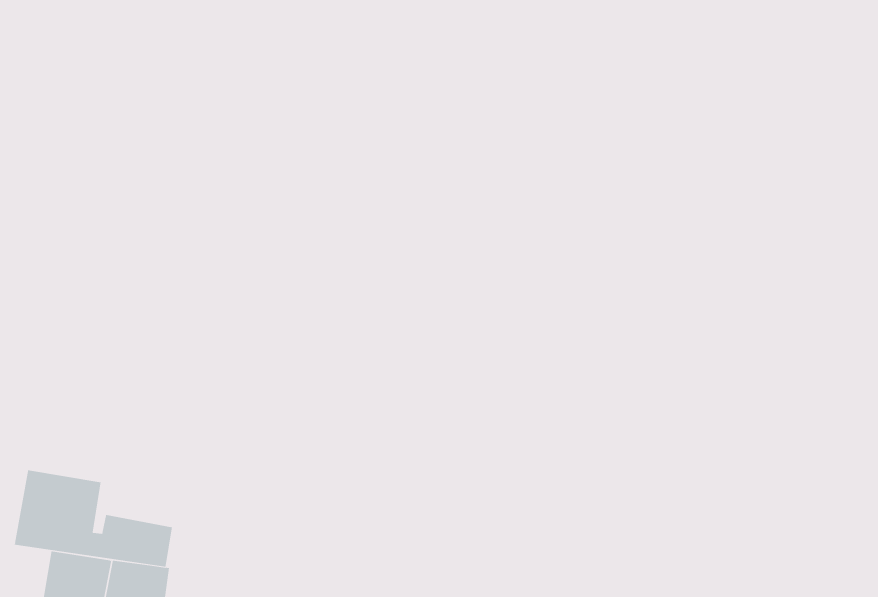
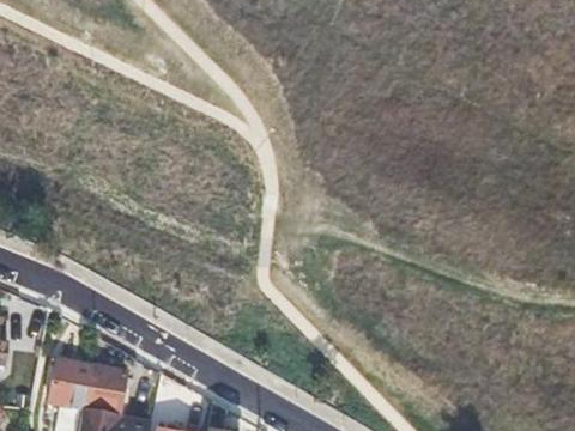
building: [14,469,172,567] -> none

